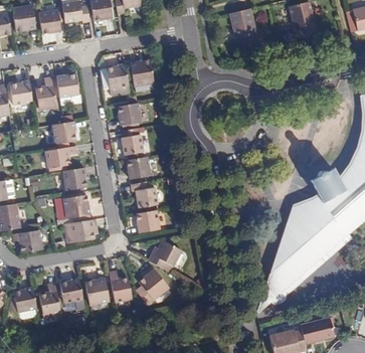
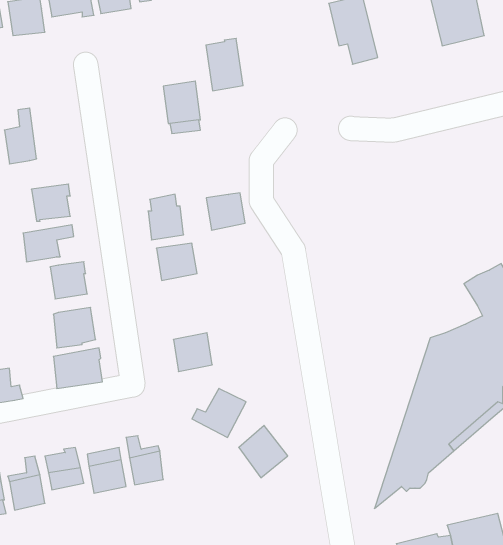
building: [107,63,129,95] -> [206,38,243,91]
building: [56,73,78,97] -> none
building: [118,103,141,125] -> [206,193,245,230]
building: [131,181,158,207] -> none
building: [139,269,168,300] -> [239,425,288,478]

